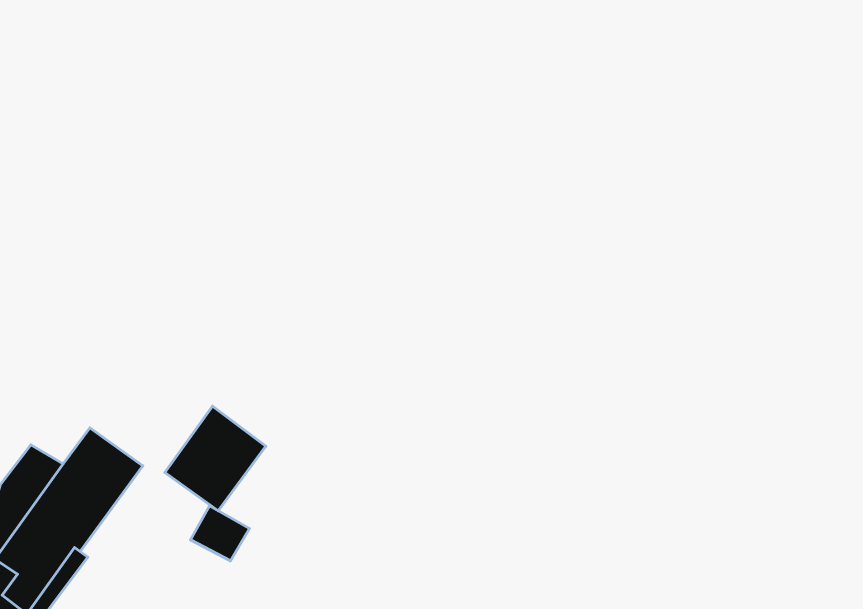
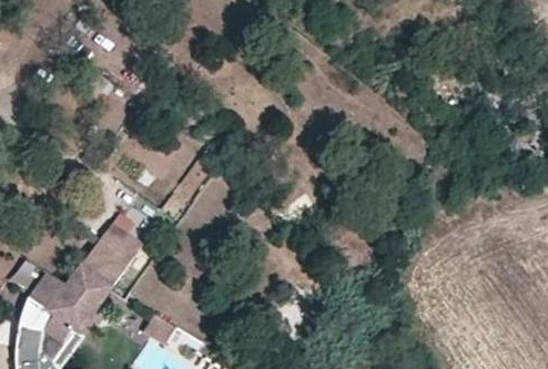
building: [165,406,266,511] -> [82,223,141,284]

